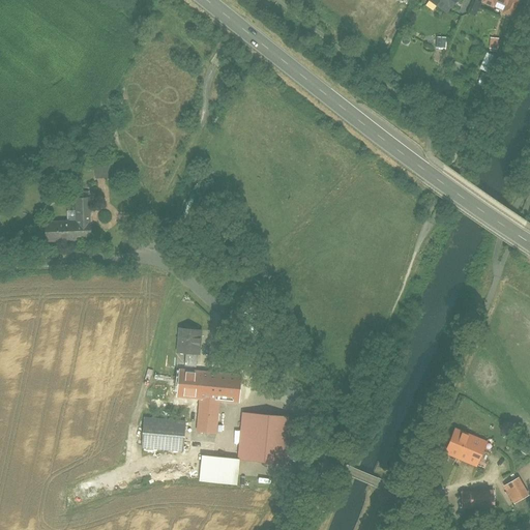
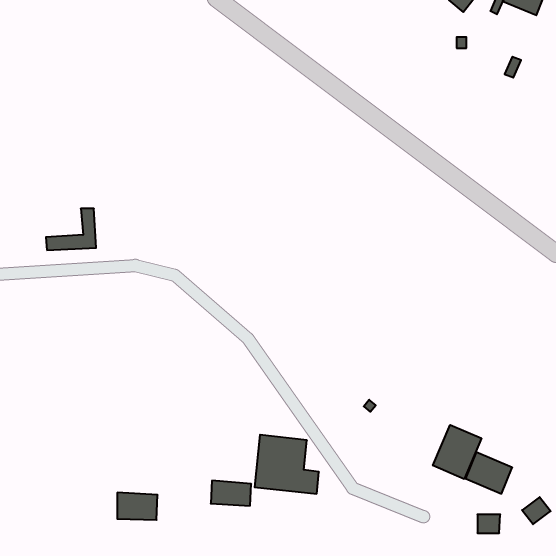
building: [179,328,237,429] -> none
building: none -> [433,425,481,479]
building: [145,418,183,444] -> [117,493,158,520]

